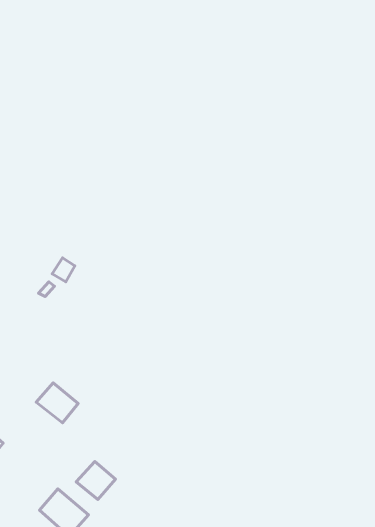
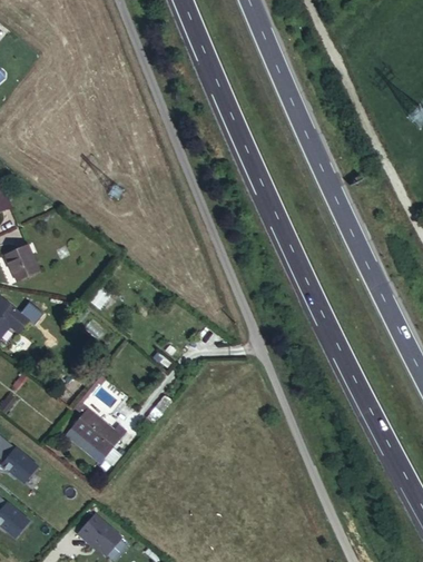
building: [76,461,115,500] -> none

